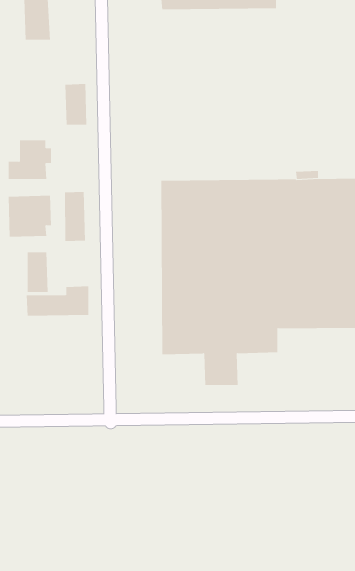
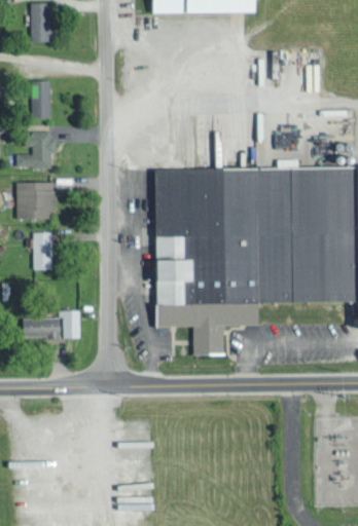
building: [65,83,87,125] -> [30,80,50,118]
building: [64,191,86,242] -> none
building: [26,286,89,316] -> [23,310,80,338]

